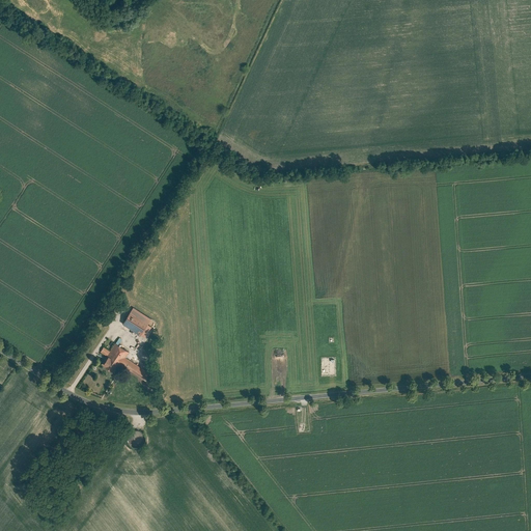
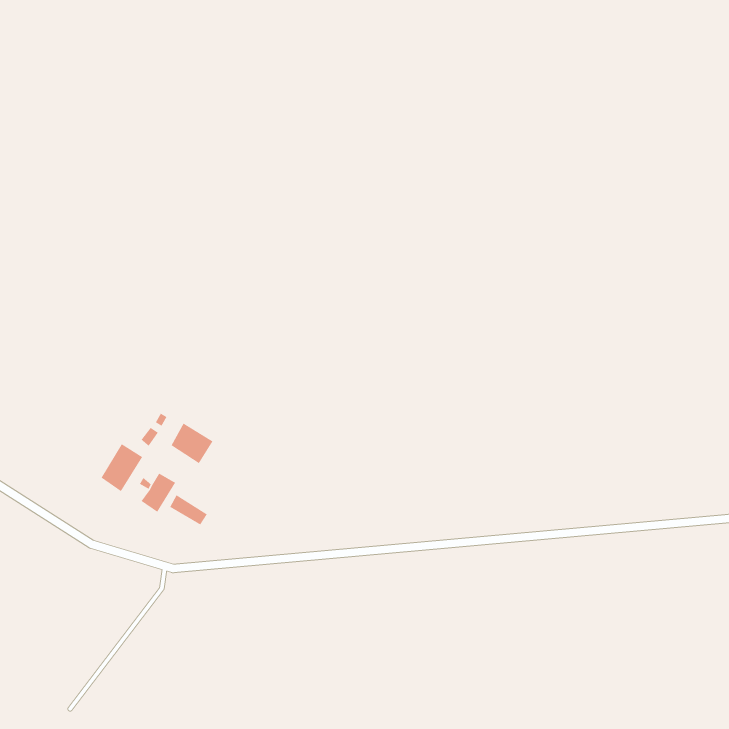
building: none -> [101,443,143,492]

